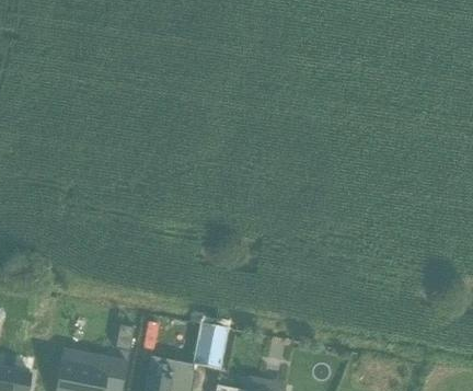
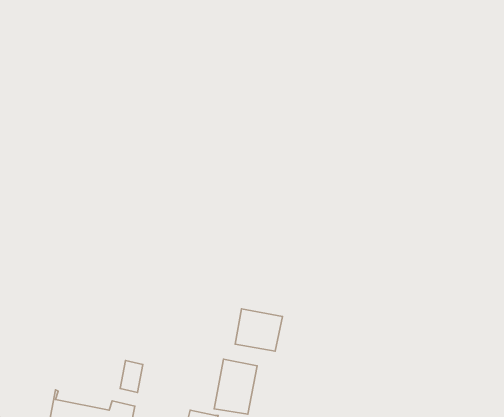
building: none -> [235,309,282,351]

